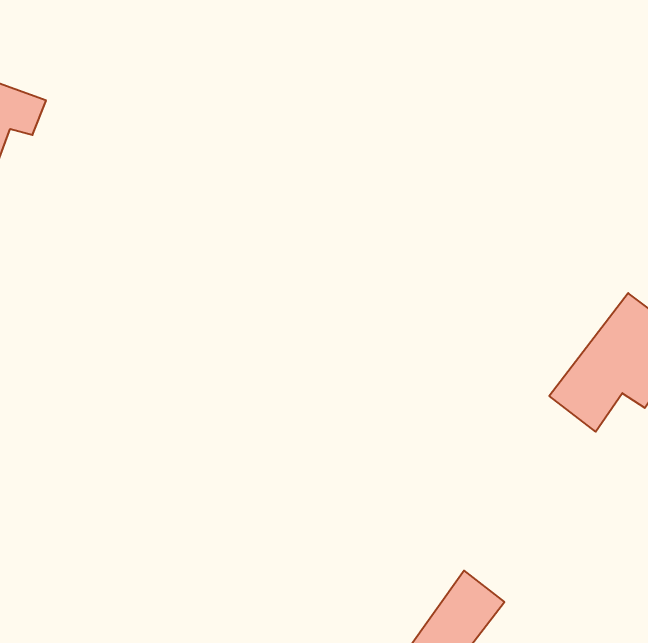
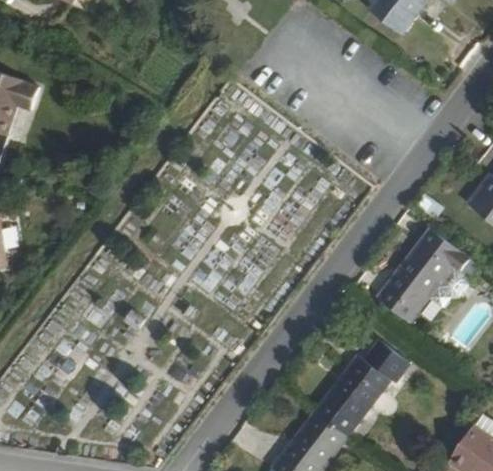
building: none -> [320,345,409,433]

